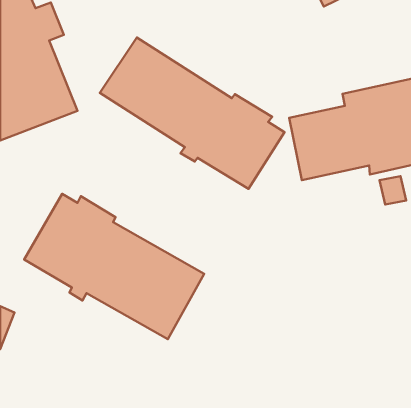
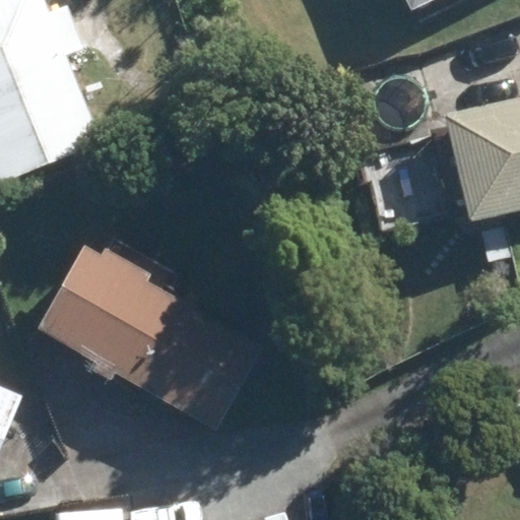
building: [100,37,284,189] -> none

